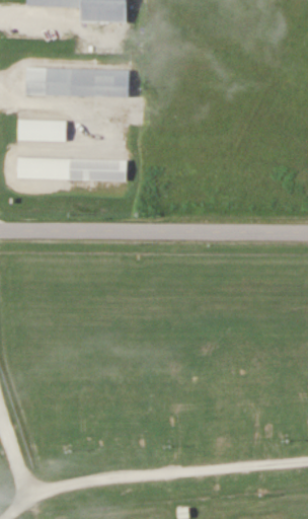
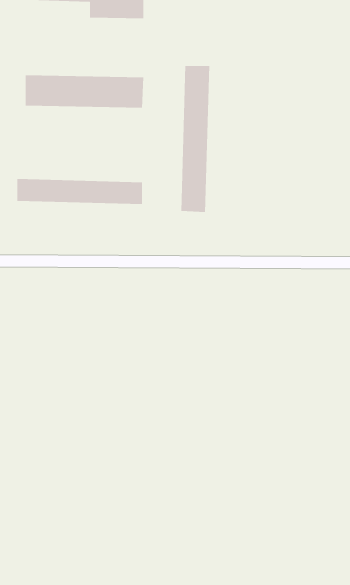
building: none -> [181,65,210,213]
building: [18,118,65,138] -> none

